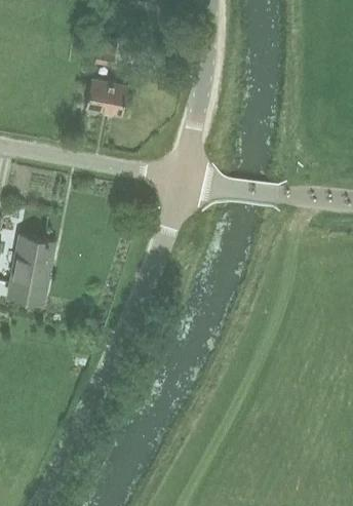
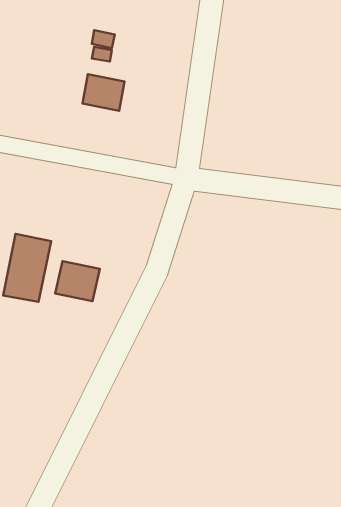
building: none -> [55,261,100,301]

